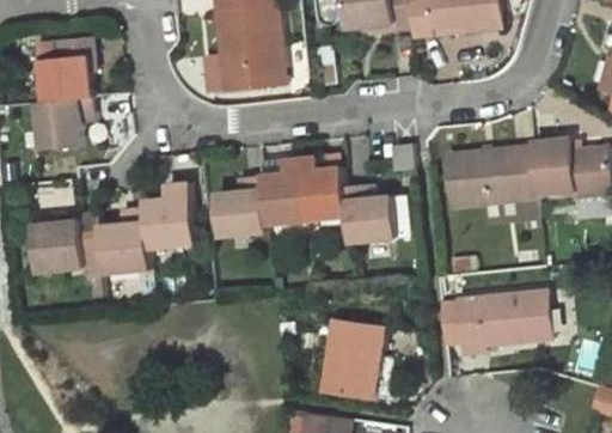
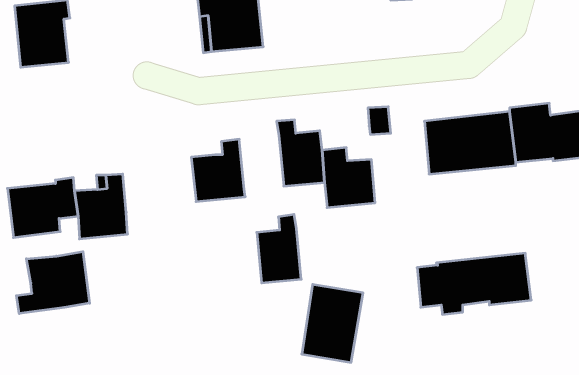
building: [33,98,92,150] -> none
building: [259,157,304,225] -> [257,214,301,283]
building: [142,183,192,248] -> none
building: none -> [16,252,90,314]

